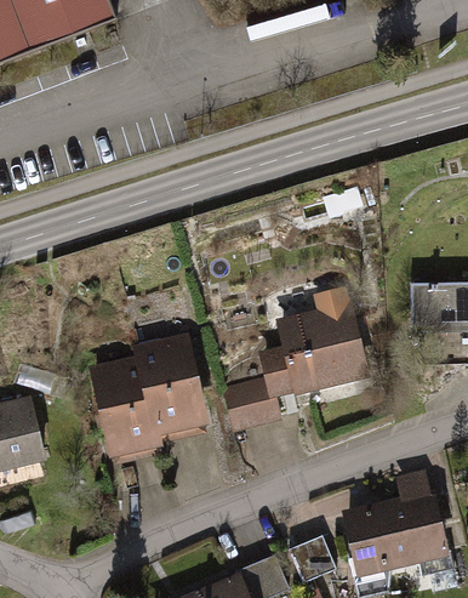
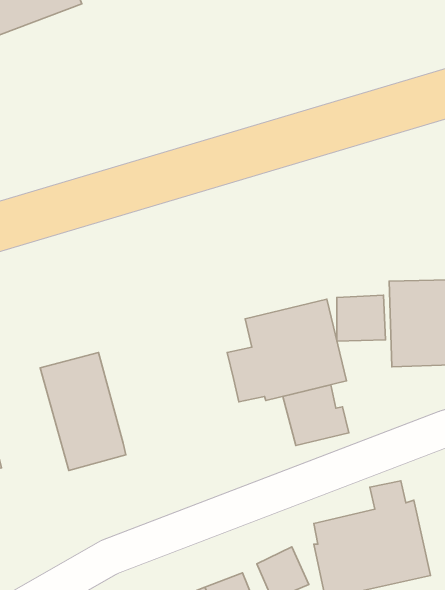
building: none -> [337,295,386,341]
building: [136,330,211,435] -> none
building: [219,375,281,432] -> [283,385,349,446]

